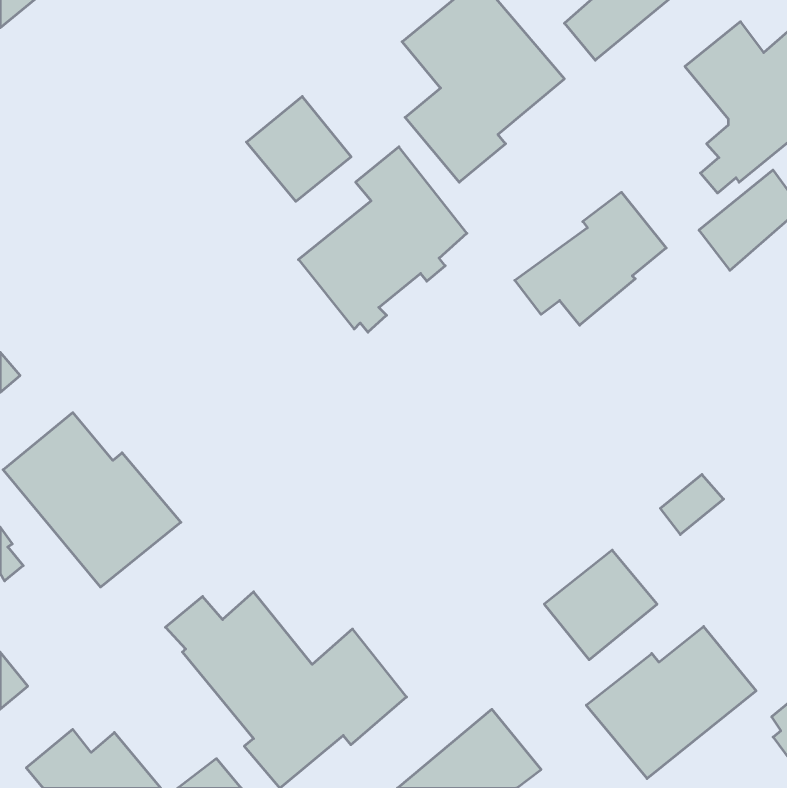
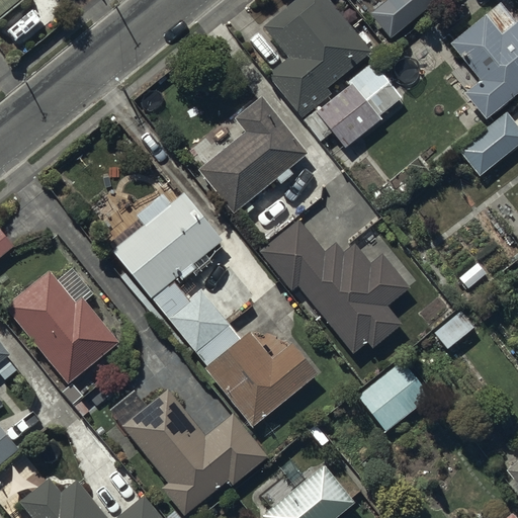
building: [246,96,351,201] -> none
building: [515,192,666,325] -> [304,62,403,149]
building: none -> [111,192,318,429]
building: none -> [258,220,411,354]
building: [586,626,756,779] -> none

